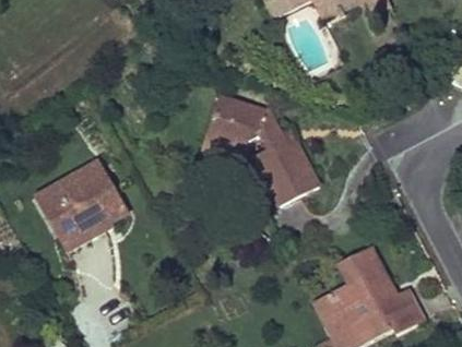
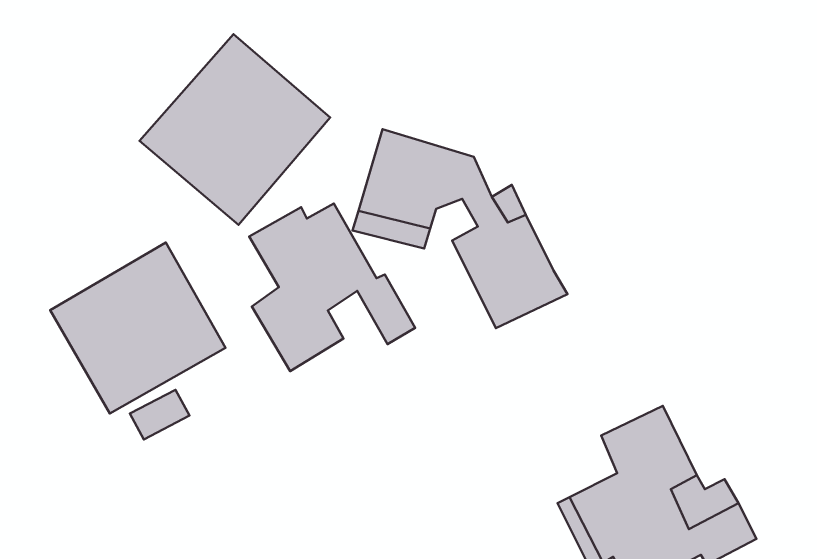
building: none -> [140,34,330,225]
building: none -> [249,204,415,371]

